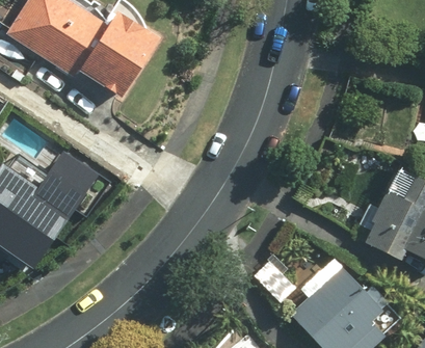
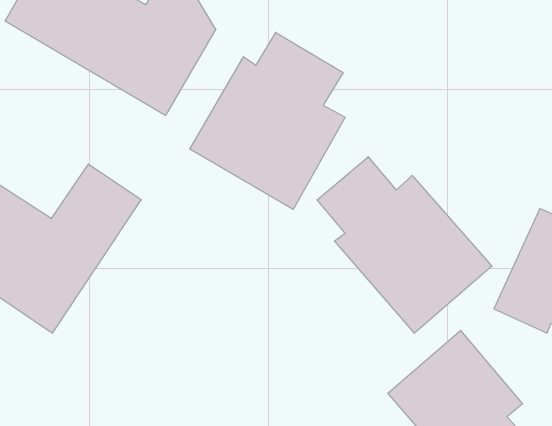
building: none -> [190,32,345,209]
building: none -> [317,157,492,333]

